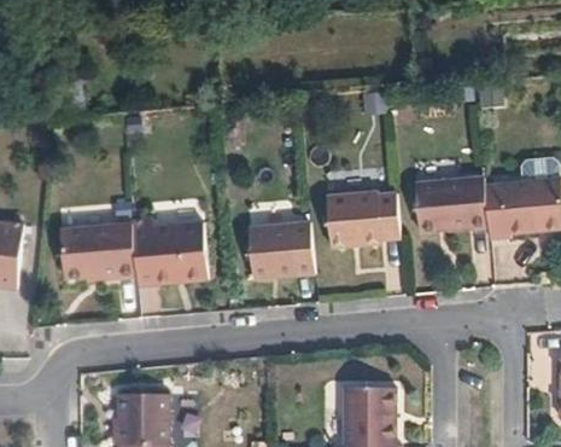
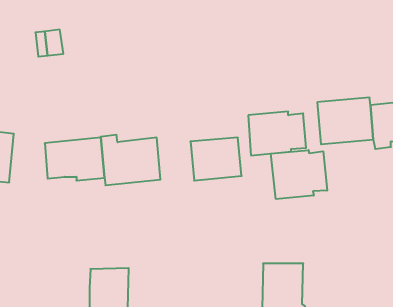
building: none -> [271,150,327,199]

